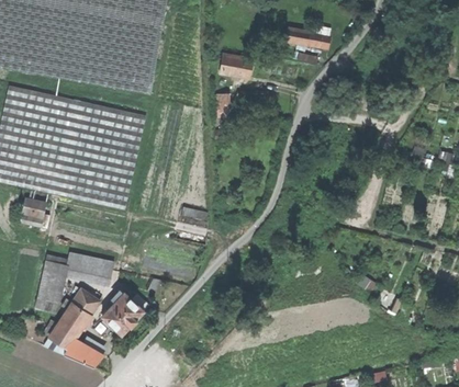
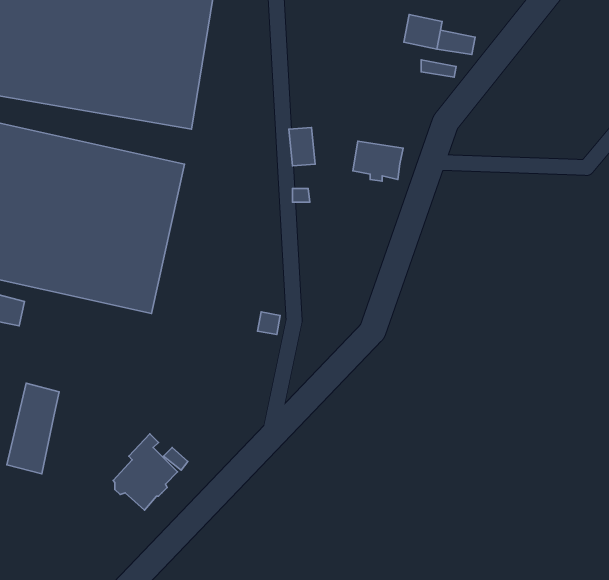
building: [221,53,253,78] -> [353,141,403,181]
building: [65,251,113,284] -> none
building: [45,287,103,365] -> none

